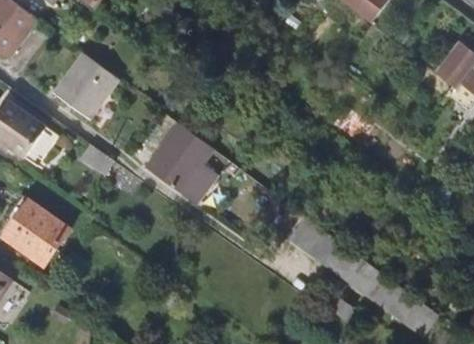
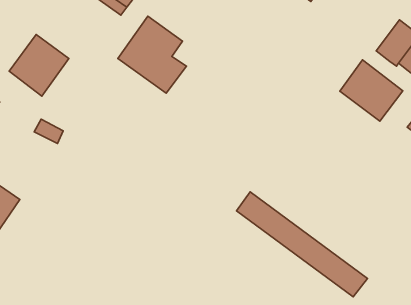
building: none -> [340,60,403,121]
building: [149,126,220,206] -> [118,16,186,93]

